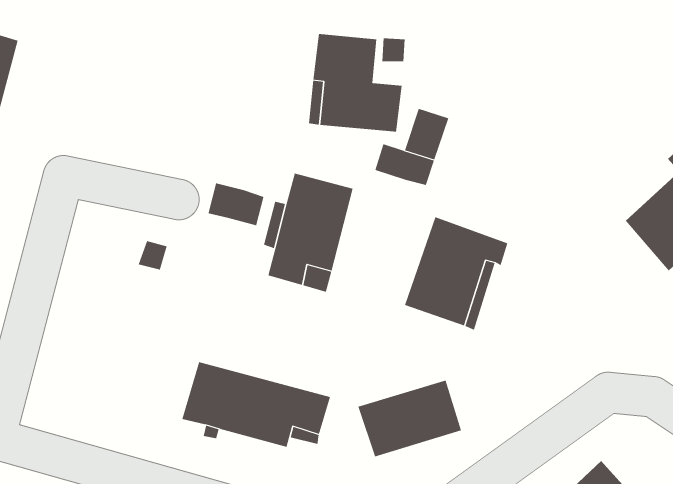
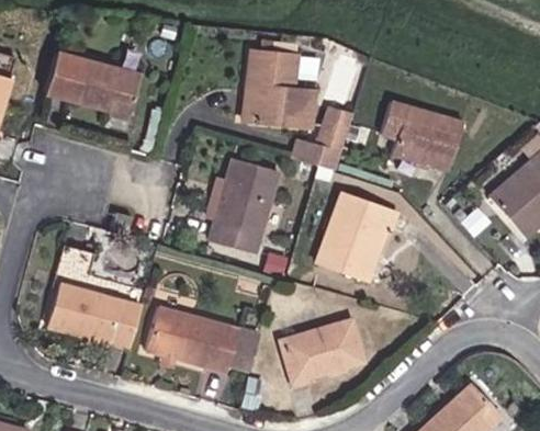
building: none -> [45,53,140,115]
building: none -> [381,102,463,171]
building: [208,183,264,226] -> none
building: none -> [46,246,145,349]

